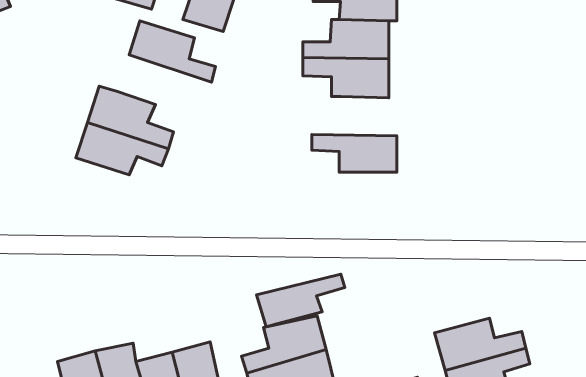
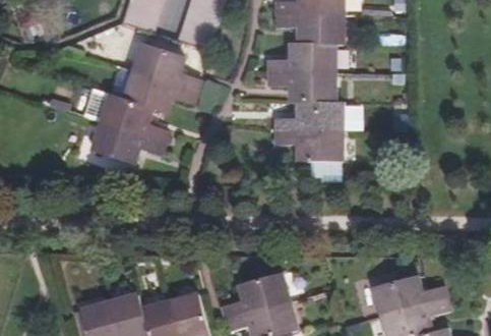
building: none -> [125,69,198,112]
building: none -> [277,102,343,132]
building: [256,274,345,327] -> none

